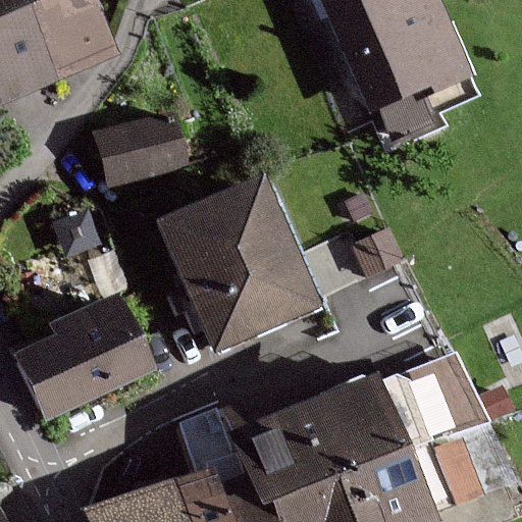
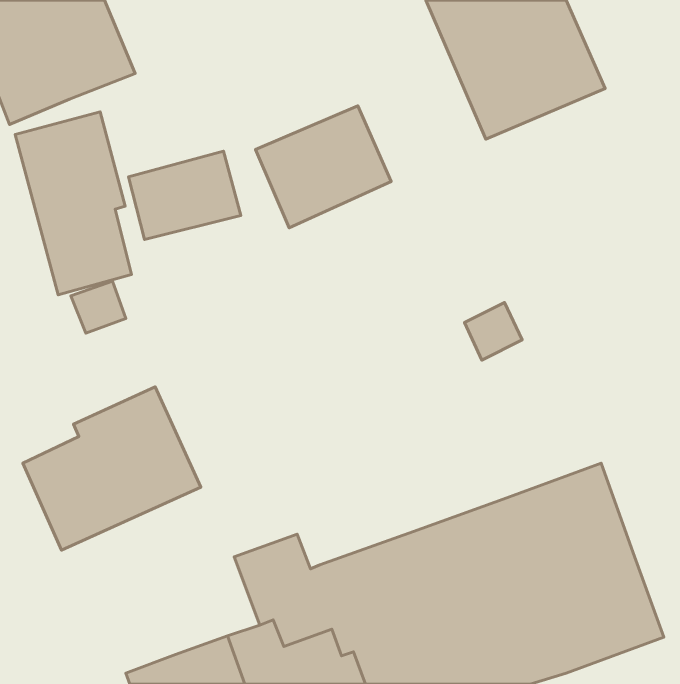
building: none -> [256,106,391,228]
building: none -> [15,112,132,295]
building: [165,179,318,347] -> none

